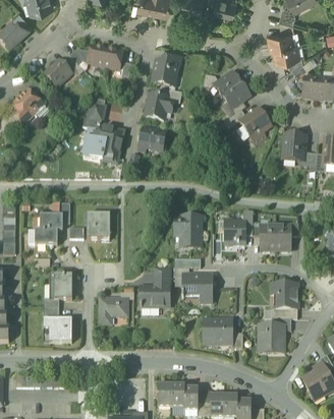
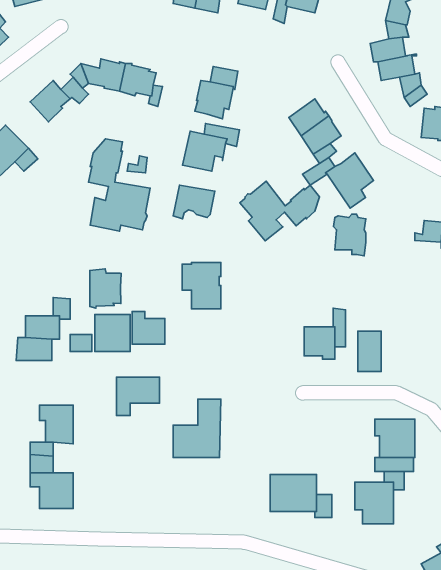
building: none -> [240,181,320,241]
building: [282,133,303,161] -> [333,214,366,256]
building: none -> [90,269,121,308]
building: none -> [132,312,165,344]
building: [174,216,200,246] -> [182,263,221,309]
building: [275,225,290,251] -> none
building: [173,268,212,306] -> none
building: [99,298,127,323] -> [116,377,159,416]

